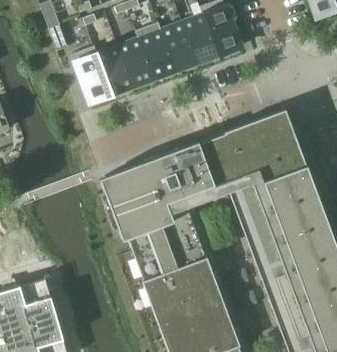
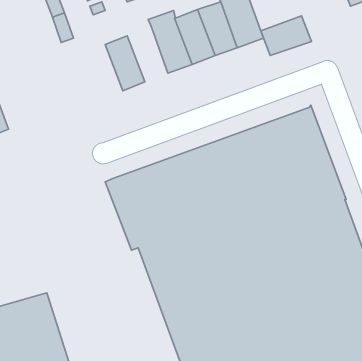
building: none -> [261,16,312,56]
building: [118,37,155,87] -> none
building: [72,46,114,103] -> none

